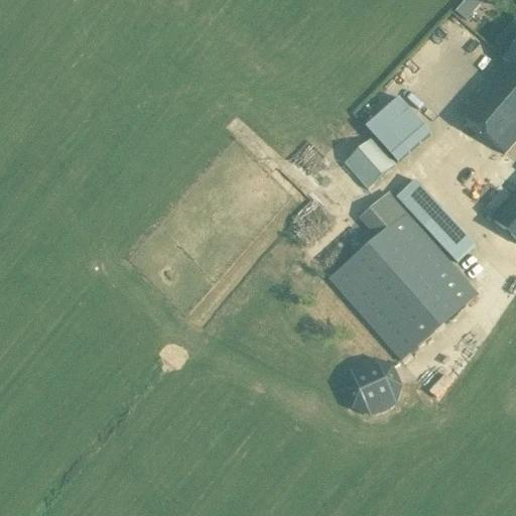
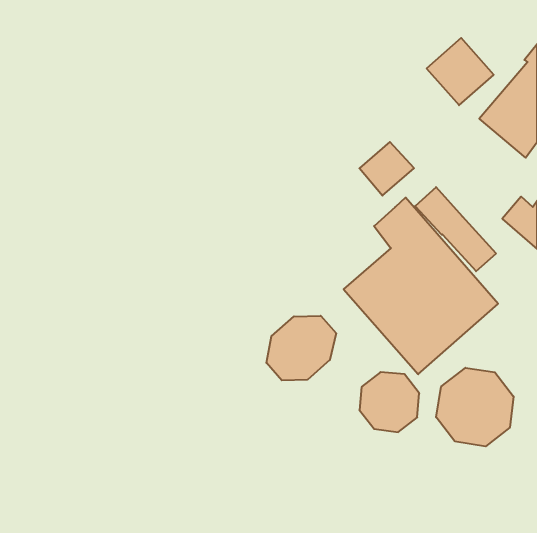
building: [367,95,431,159] -> [427,38,494,105]
building: none -> [266,316,336,380]
building: none -> [436,368,514,446]

